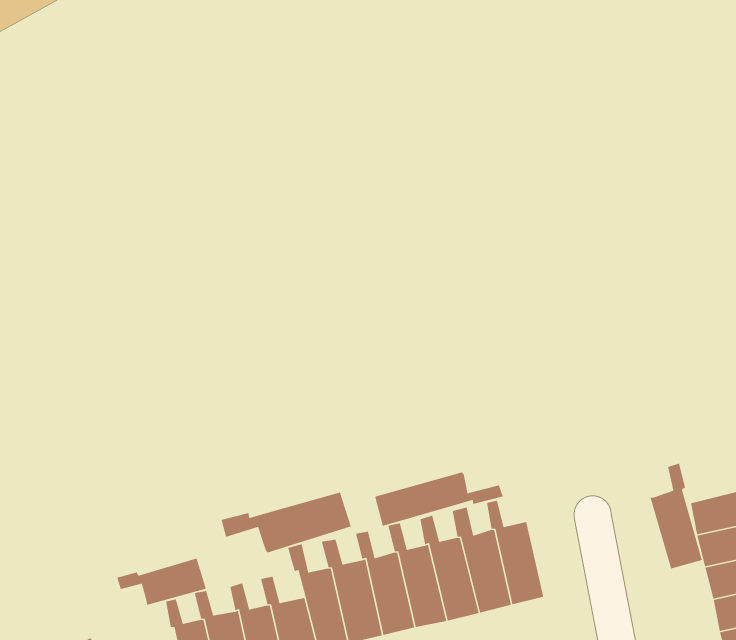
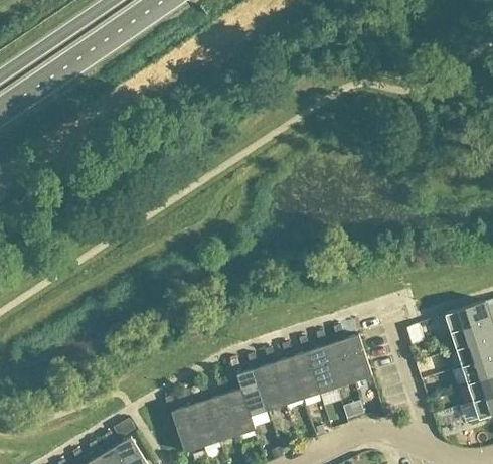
building: [649,463,703,569] -> none
building: [374,471,504,527] -> none
building: [221,491,352,554] -> none
building: [116,558,207,606] -> none

